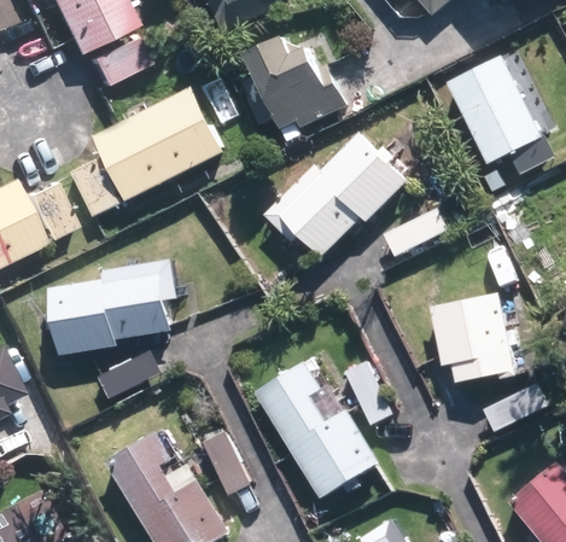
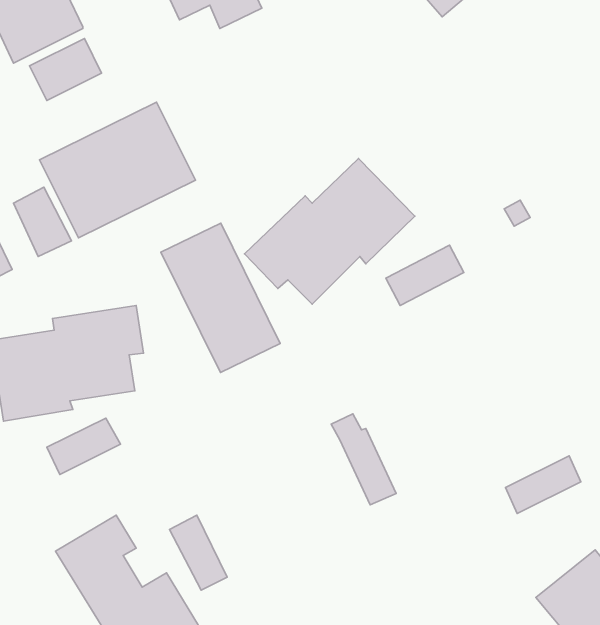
building: [241,40,346,129] -> none
building: [443,58,547,177] -> none
building: none -> [161,223,280,373]
building: [431,292,514,380] -> none
building: [256,362,380,499] -> none

